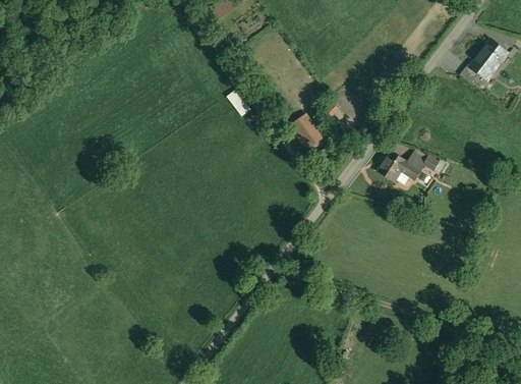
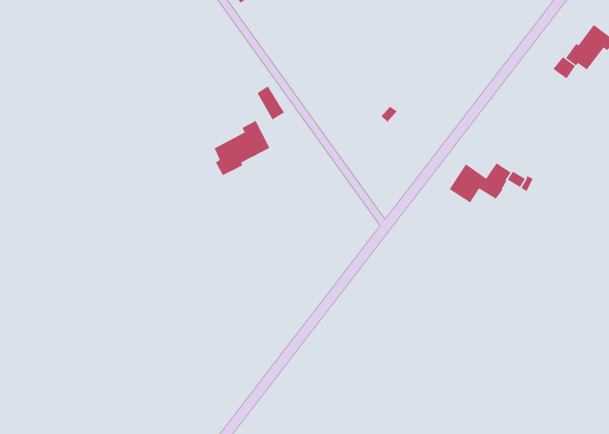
building: [286,112,322,150] -> none
building: none -> [214,120,270,177]

